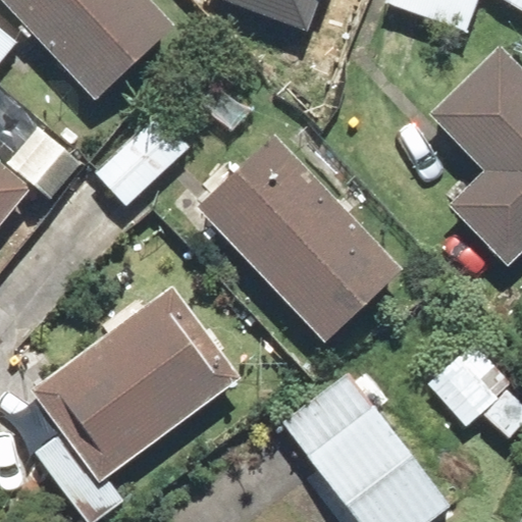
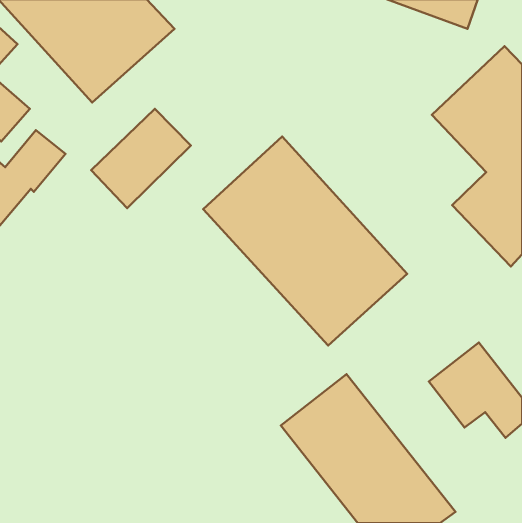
building: [34,285,240,480] -> none

